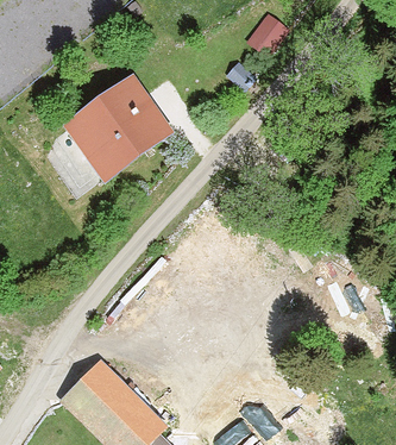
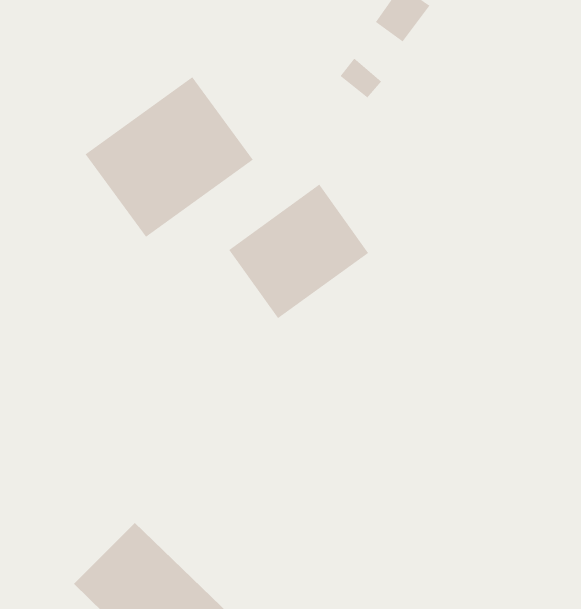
building: none -> [228,184,369,319]

